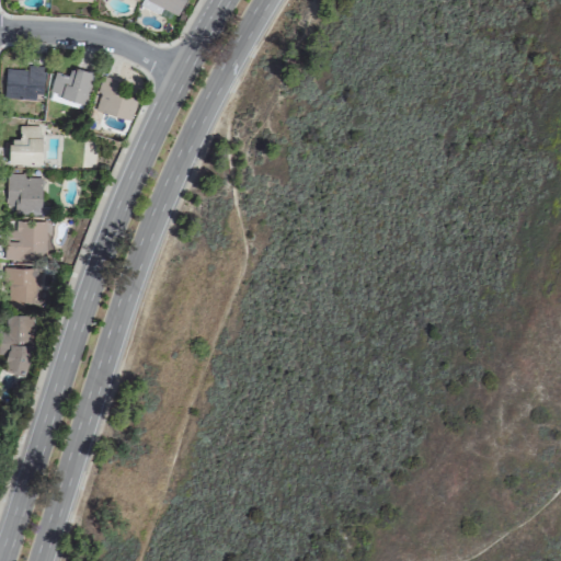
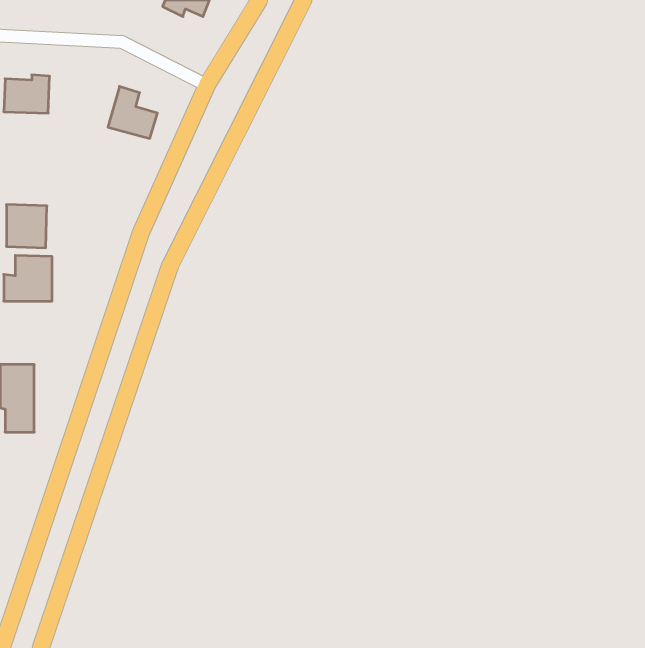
building: [50,67,96,104] -> none
building: [11,126,44,165] -> none
building: [10,268,42,305] -> none

